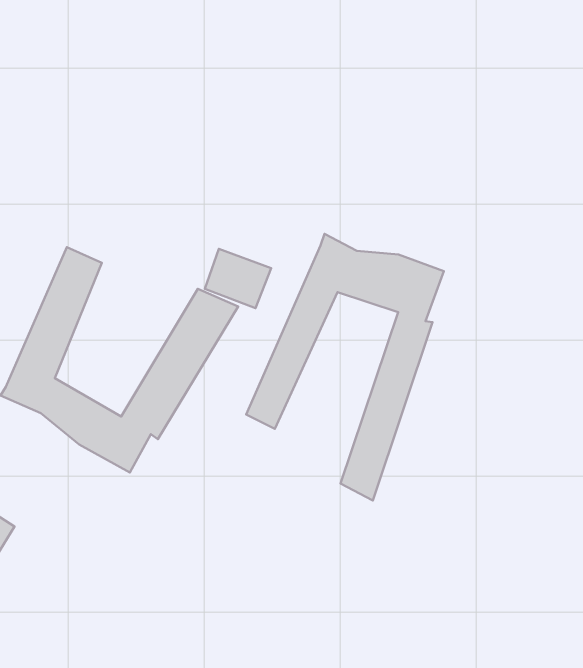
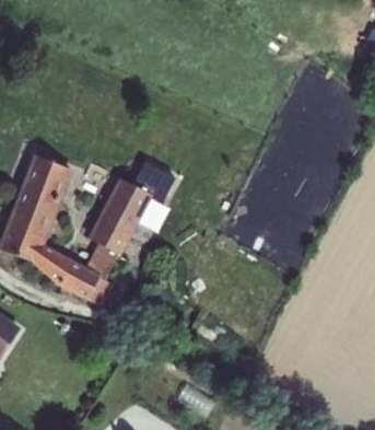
building: [246,234,444,501] -> none

